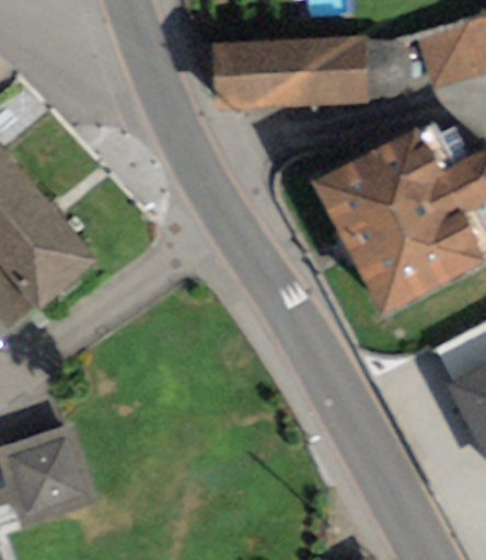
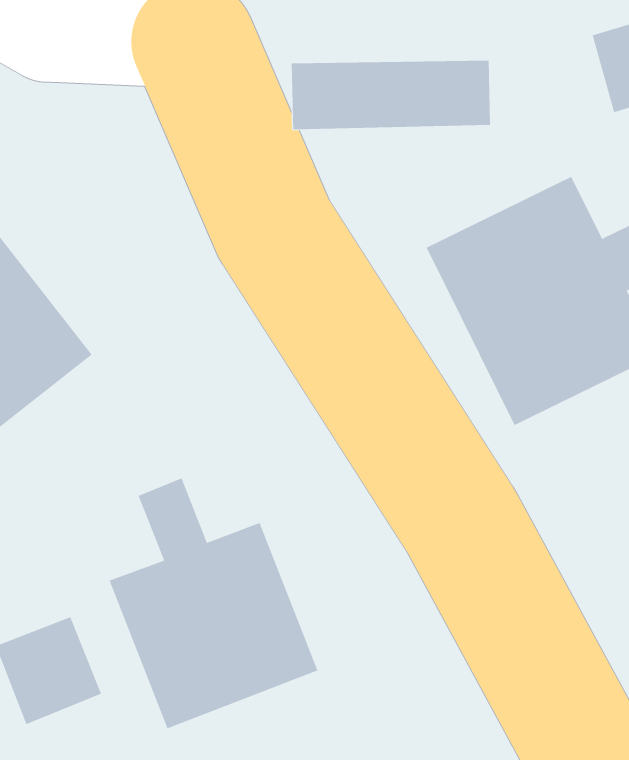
building: none -> [109,477,318,729]

